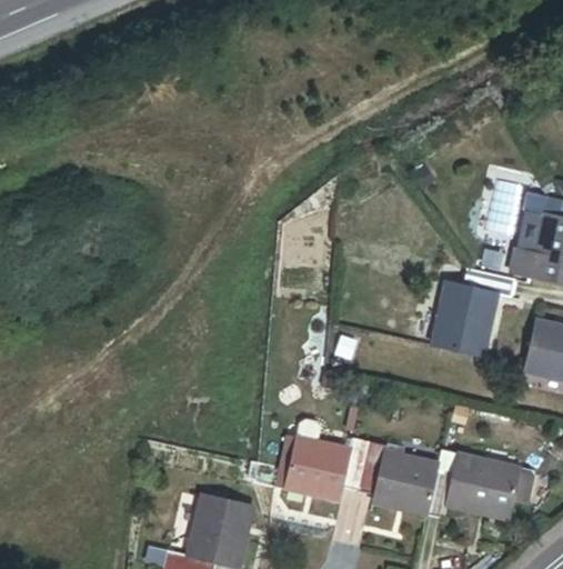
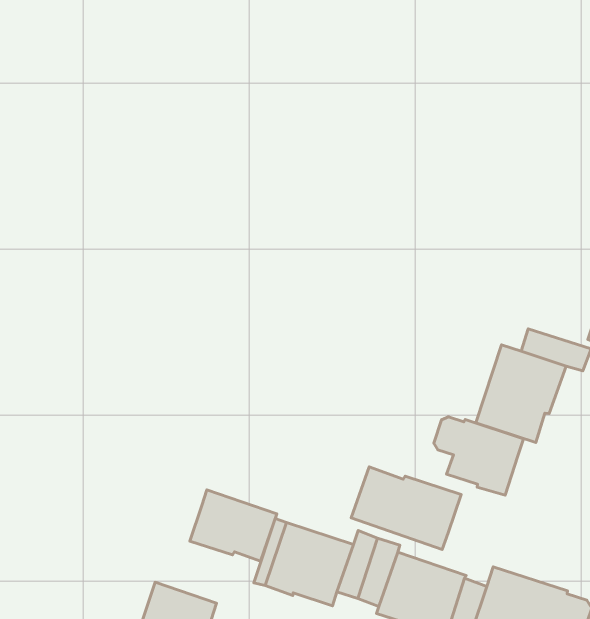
building: none -> [434,417,523,495]
building: none -> [351,467,461,549]
building: none -> [190,490,277,561]

